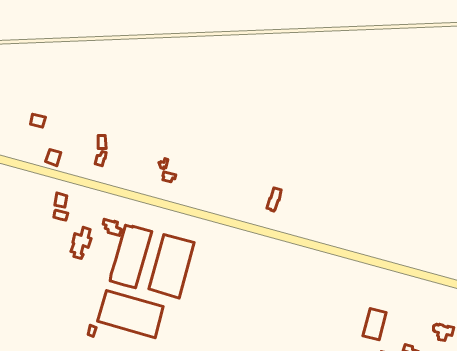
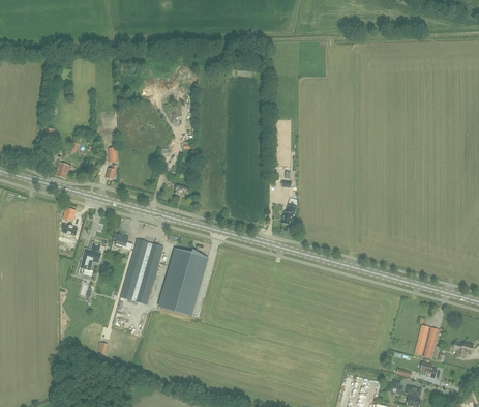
building: [98,290,163,338] -> none
building: [363,309,386,340] -> [414,324,438,356]

